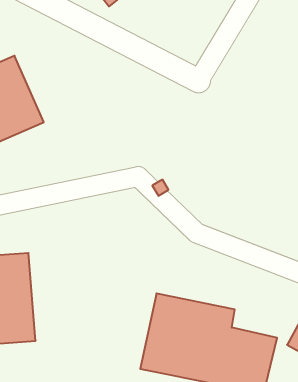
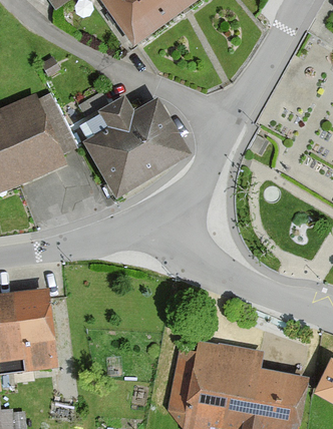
building: none -> [81,91,186,193]

